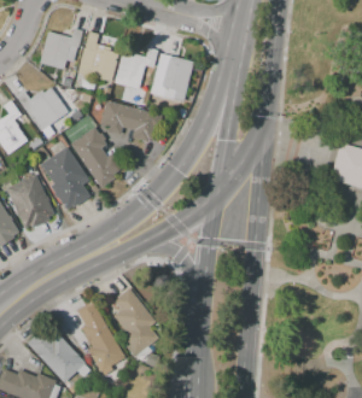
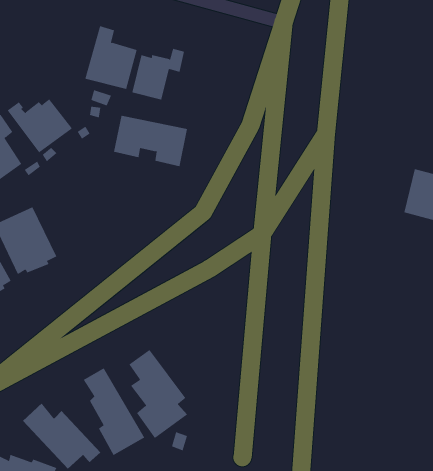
building: [40,29,82,68] -> none
building: [153,54,192,103] -> none
building: [70,125,122,188] -> none
building: [40,147,89,210] -> none

